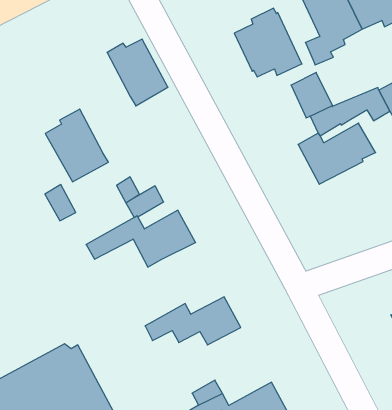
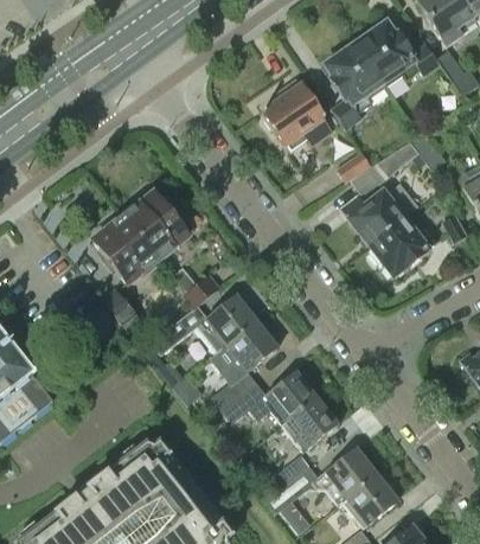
building: [107,39,168,106] -> [123,191,188,257]
building: none -> [370,215,436,275]
building: none -> [210,321,279,407]
building: none -> [287,397,338,450]

